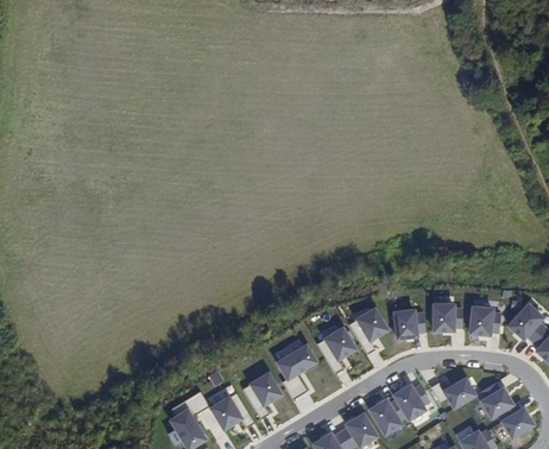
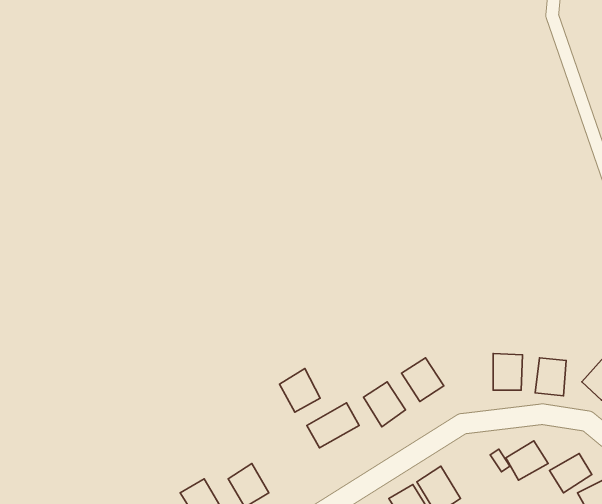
building: [391,308,418,341] -> none
building: [248,371,283,407] -> [279,369,320,412]
building: [391,381,428,420] -> none

